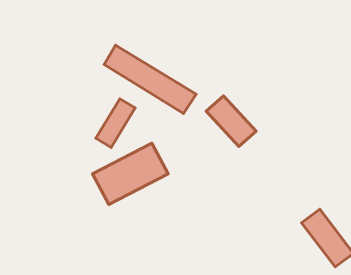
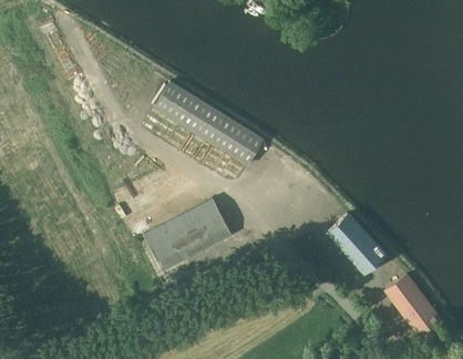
building: [206,96,256,147] -> [328,214,385,273]
building: [96,99,135,147] -> none

